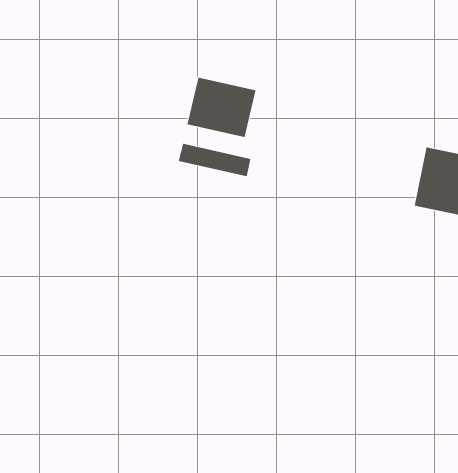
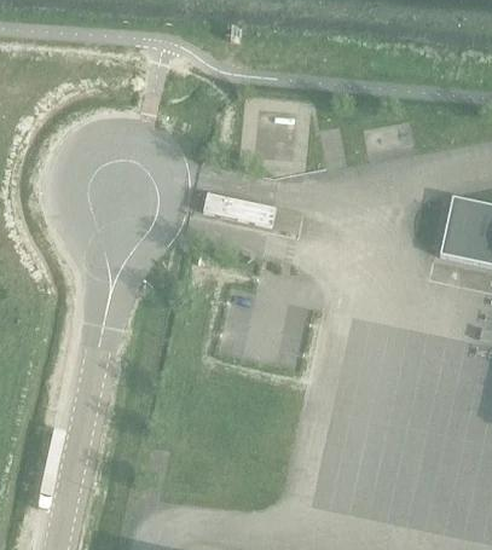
building: [187,77,256,138] -> none

